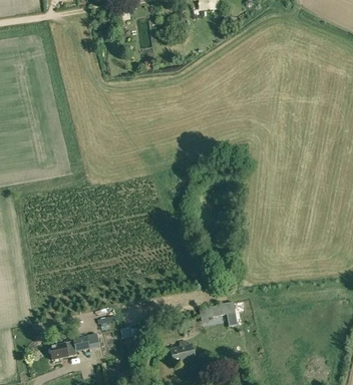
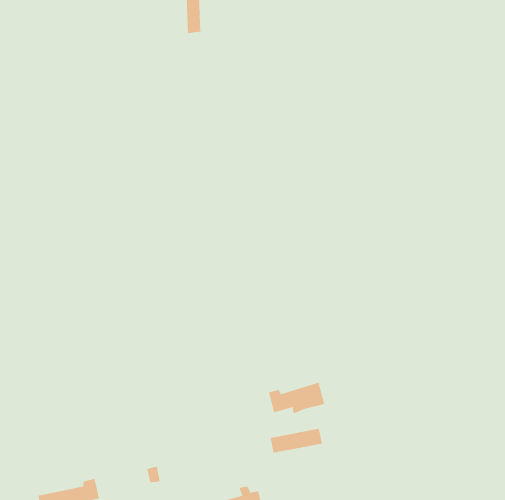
building: none -> [268,382,325,414]

